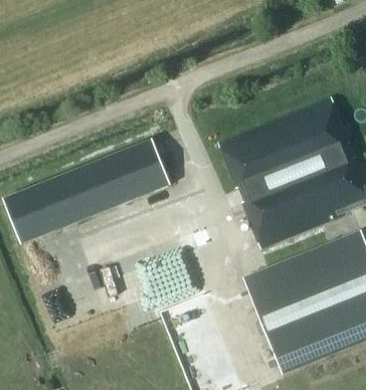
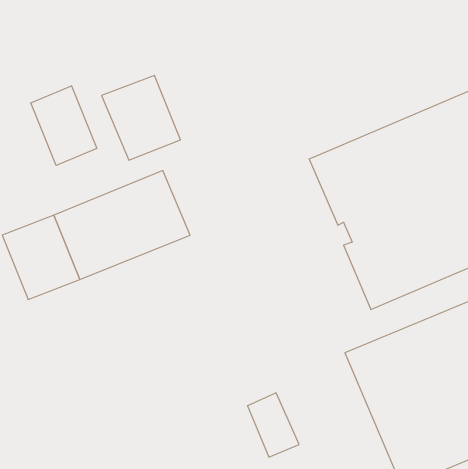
building: none -> [31,86,97,165]
building: [116,137,171,196] -> [102,75,180,160]

